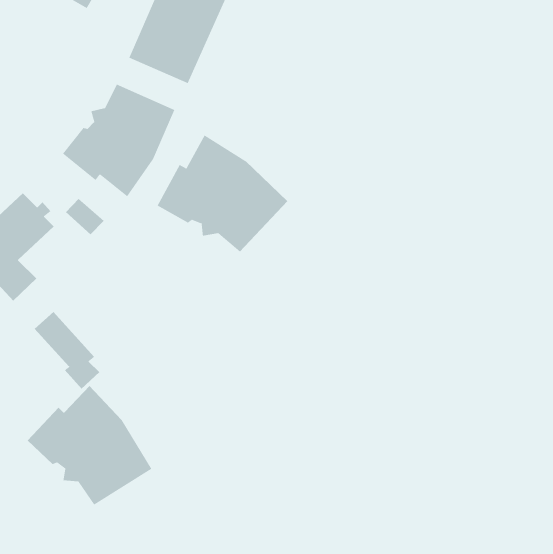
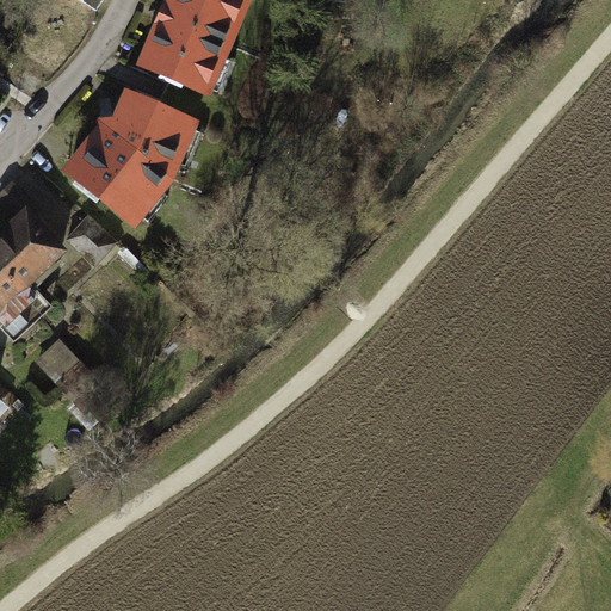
building: [157,134,288,253] -> none
building: [27,385,152,506] -> none

